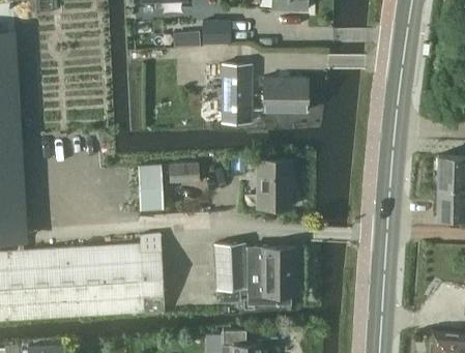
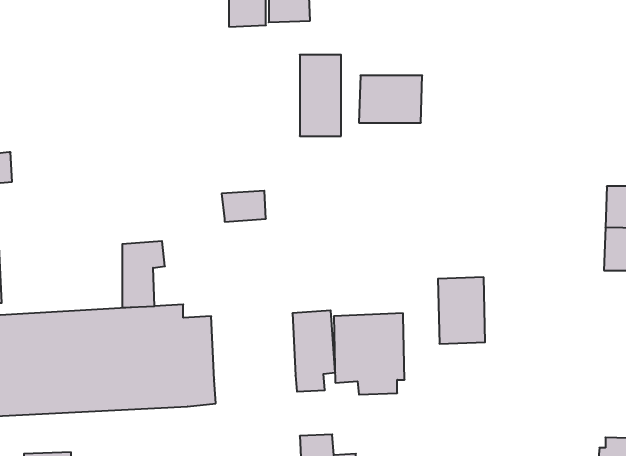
building: [259,161,292,208] -> [438,277,485,344]
building: [140,164,170,210] -> [122,241,165,308]

